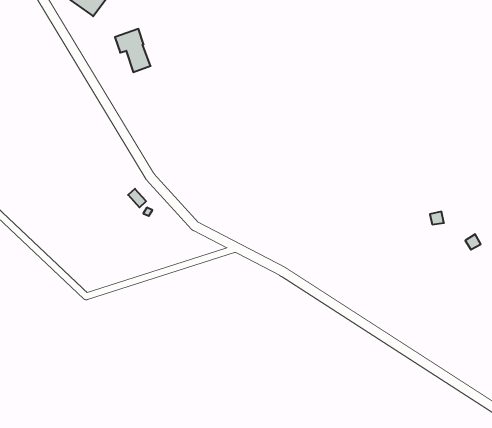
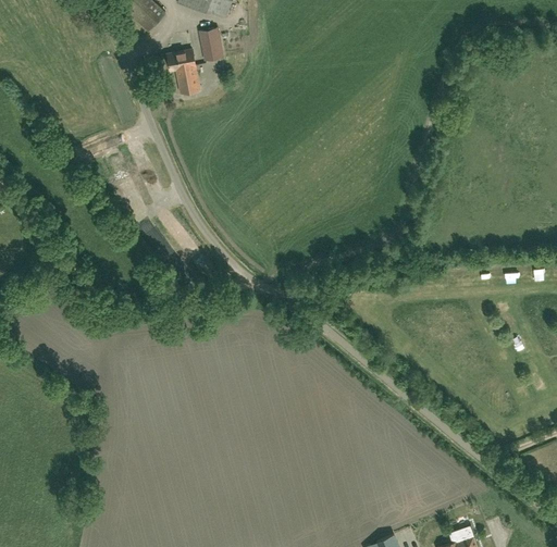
building: none -> [199,29,223,62]

